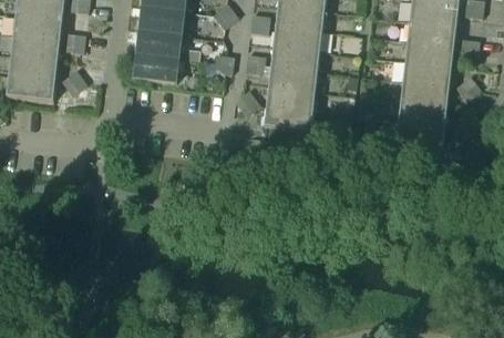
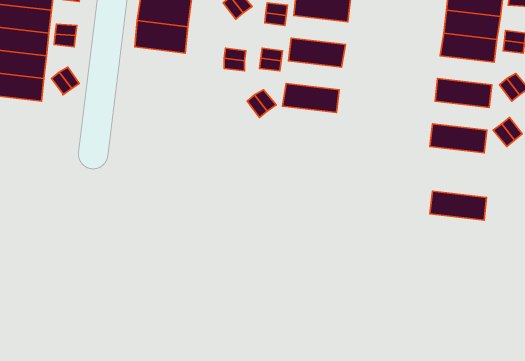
building: [274,25,323,51] -> none
building: [133,53,181,84] -> none
building: [402,61,452,86] -> none
building: [269,65,318,91] -> none
building: [398,101,448,126] -> [430,191,487,220]
building: [264,105,313,131] -> none

